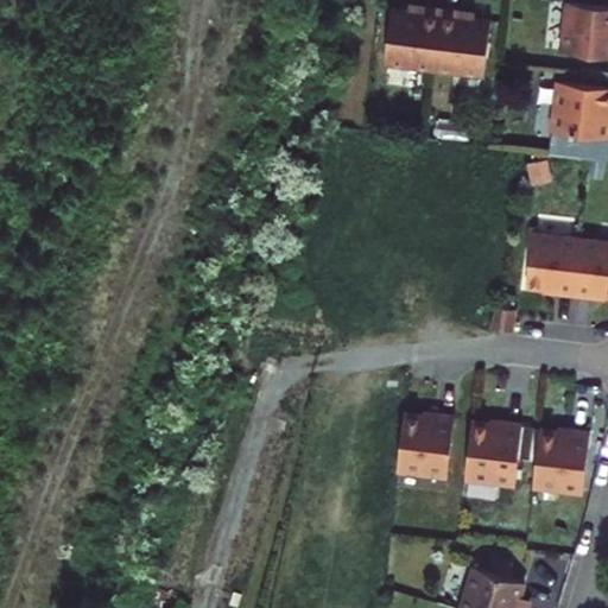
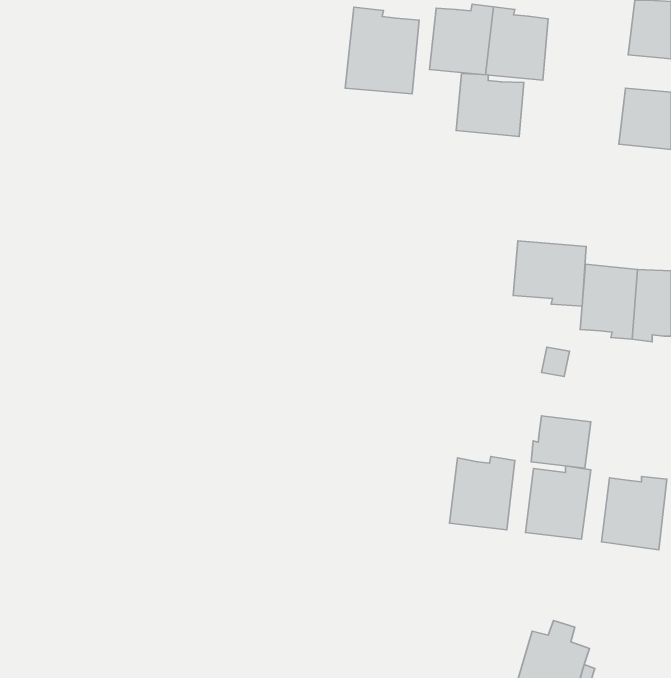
building: none -> [345,7,419,94]
building: none -> [456,73,524,136]
building: none -> [513,241,586,306]
building: none -> [531,416,591,468]

